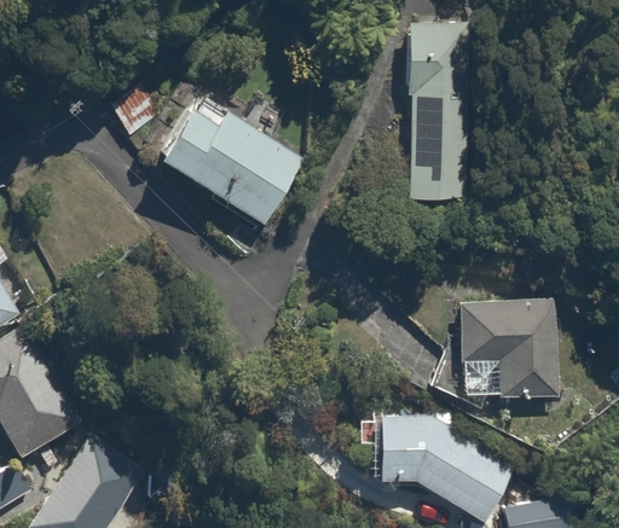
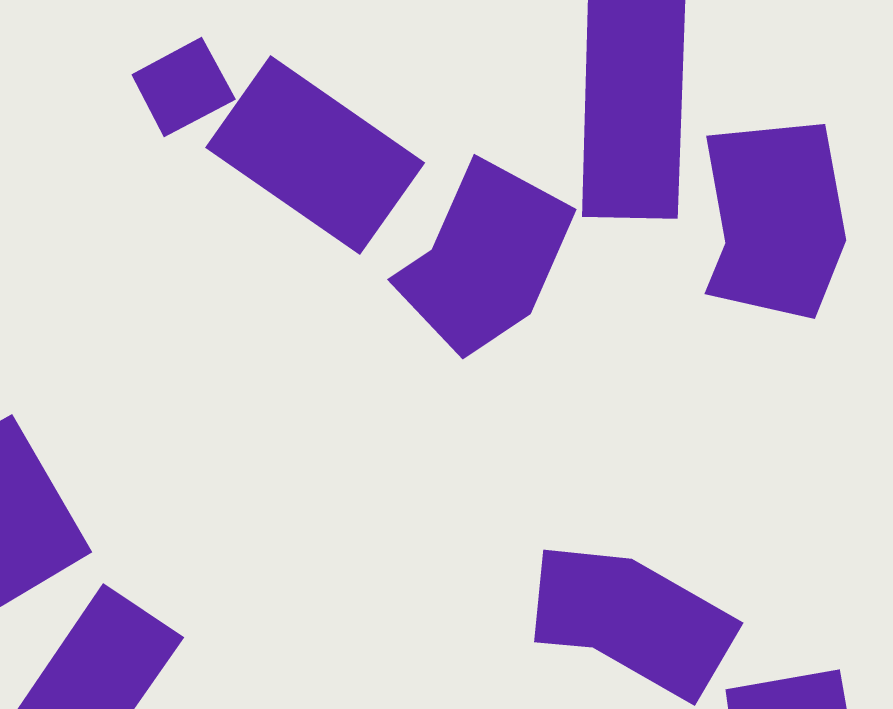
building: none -> [703,123,847,320]
building: none -> [386,152,578,361]
building: [459,303,555,399] -> none

